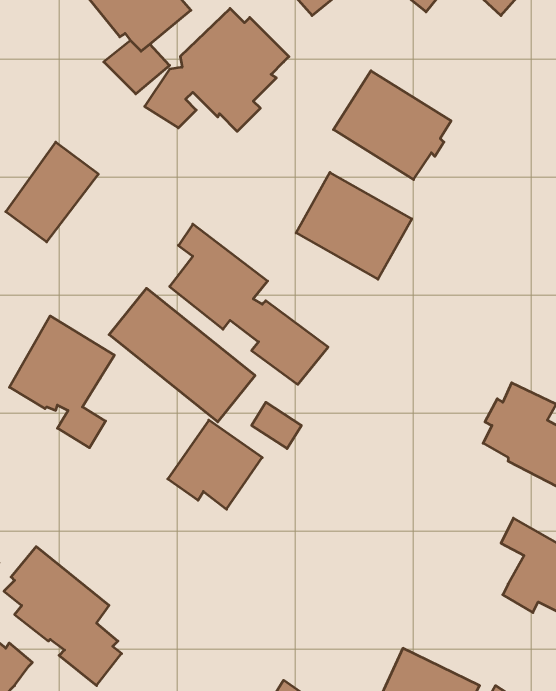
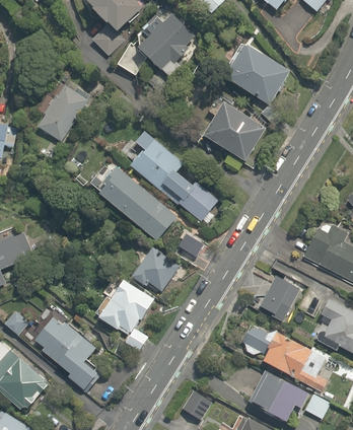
building: [9,316,114,448] -> [94,276,154,351]
building: none -> [258,278,301,321]
building: none -> [242,321,329,391]

